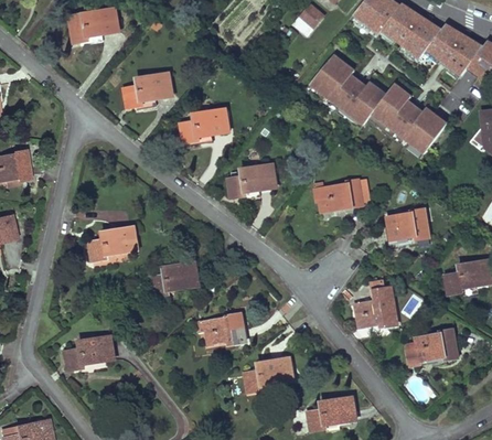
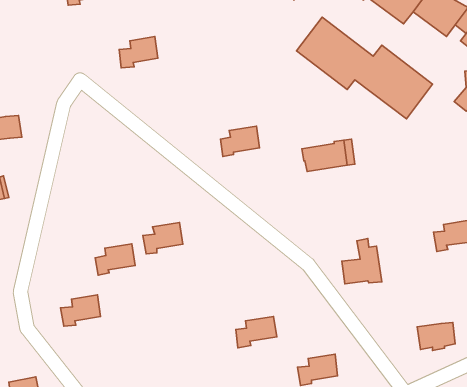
building: [184,110,225,141] -> none
building: [387,207,428,242] -> none
building: [92,228,132,260] -> [95,244,135,275]
building: [204,318,244,345] -> none
building: [417,333,456,362] -> [417,322,455,350]

